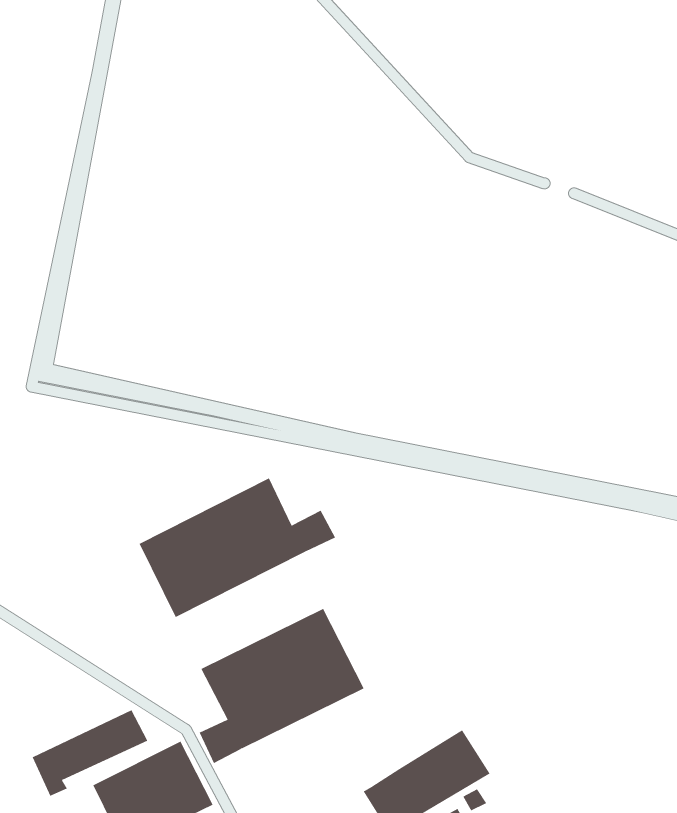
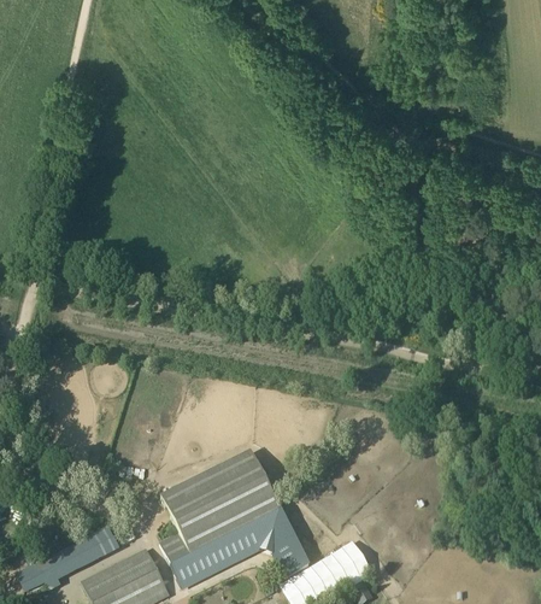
building: [139,478,336,618] -> none
building: none -> [170,508,310,588]

